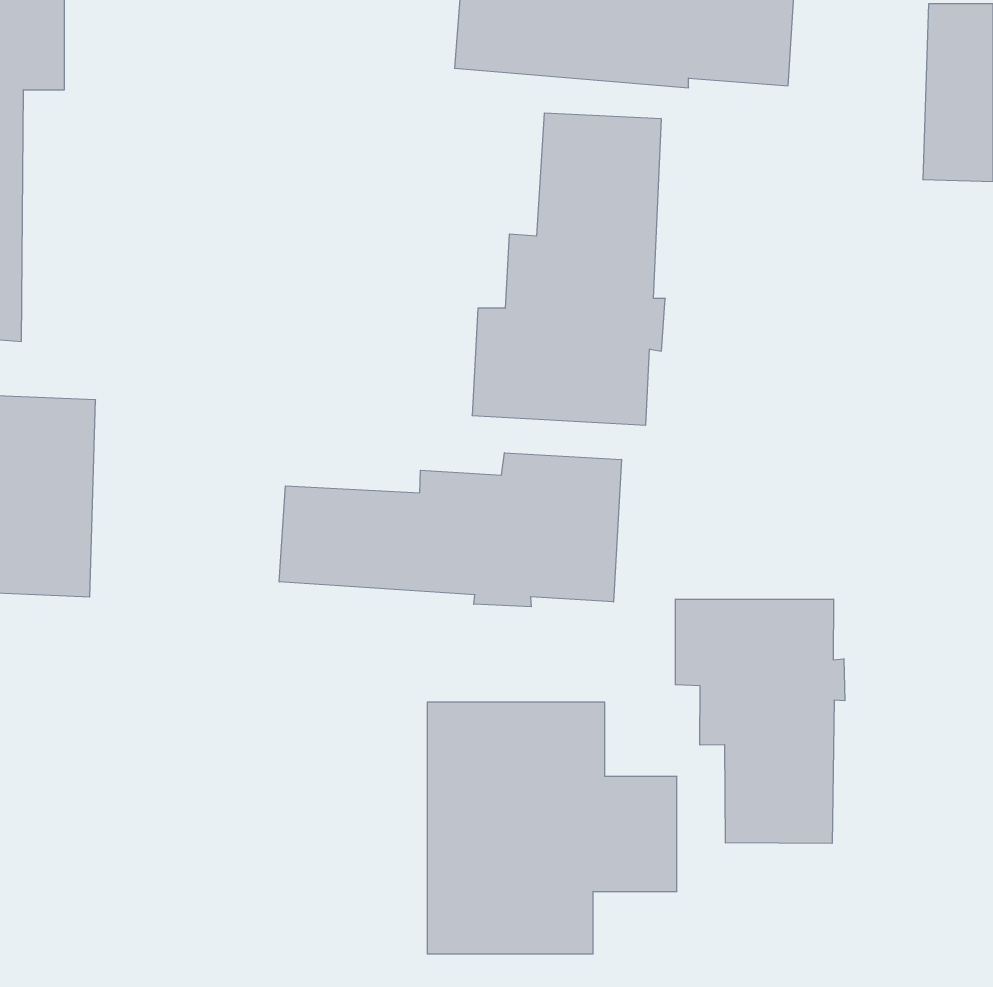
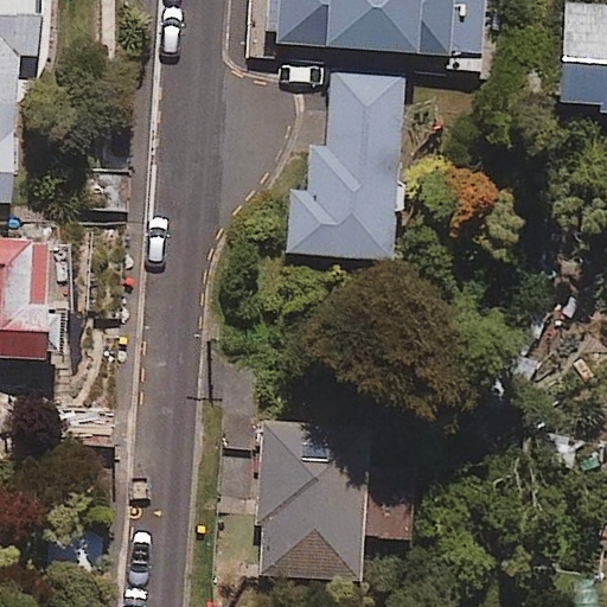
building: [279,453,621,607] -> none
building: [675,599,845,843] -> none

